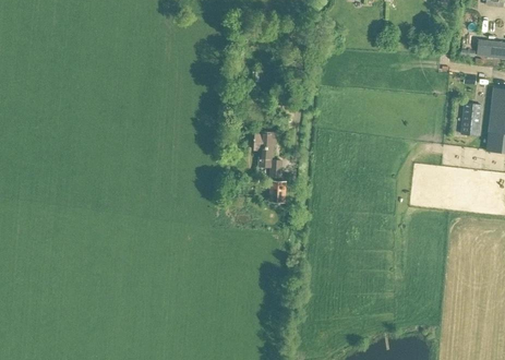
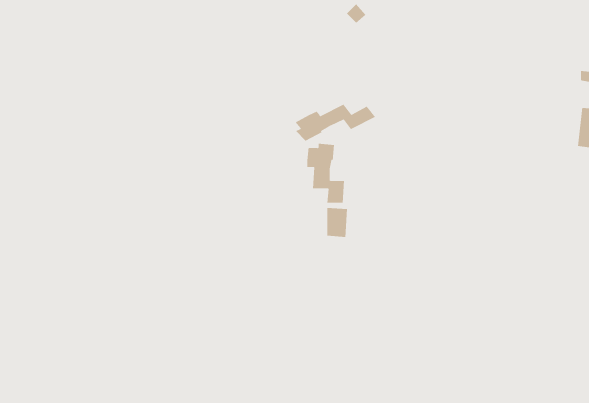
building: none -> [295,104,376,141]

